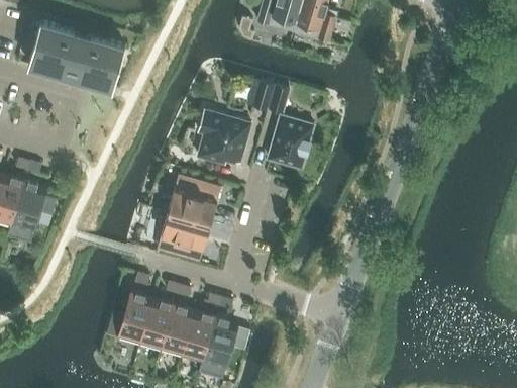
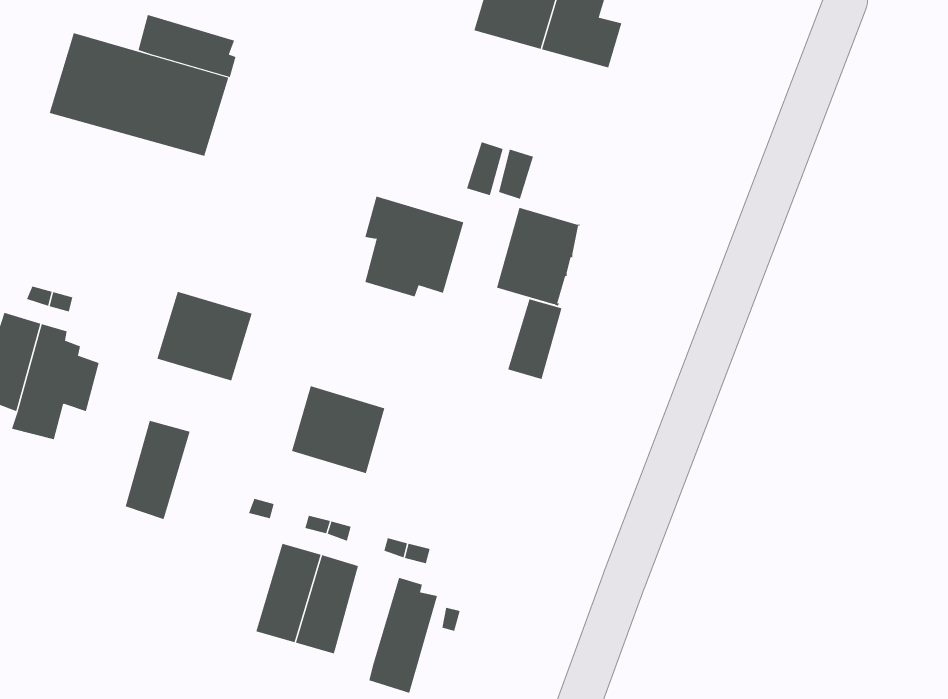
building: none -> [138,14,236,78]
building: none -> [508,299,562,380]
building: [169,175,220,223] -> [156,291,252,381]
building: [118,290,153,344] -> [125,420,191,520]
building: [182,308,216,362] -> none

